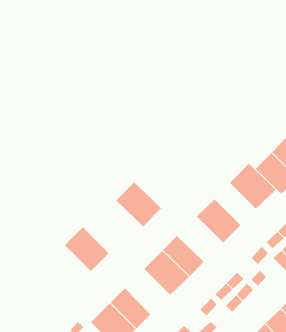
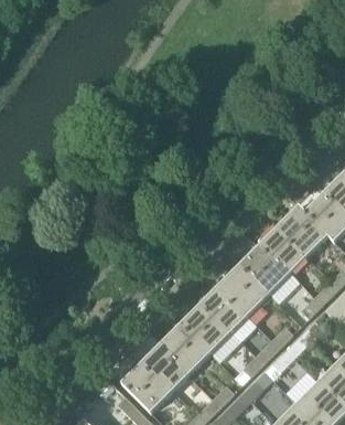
building: [115,182,162,227] -> [218,263,270,314]
building: none -> [260,225,306,273]
building: [64,226,110,272] -> [160,321,211,372]

